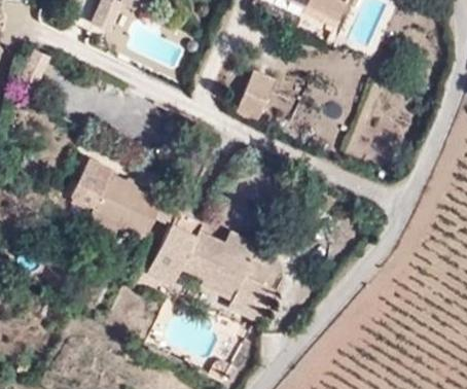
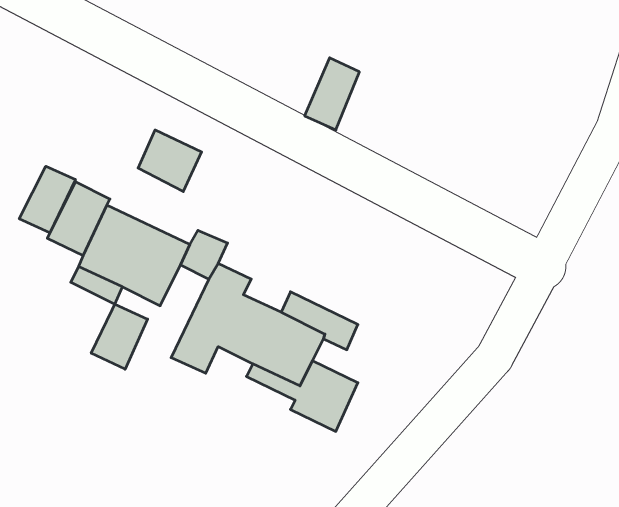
building: none -> [138,130,202,192]
building: none -> [19,166,75,233]
building: none -> [91,304,148,369]

